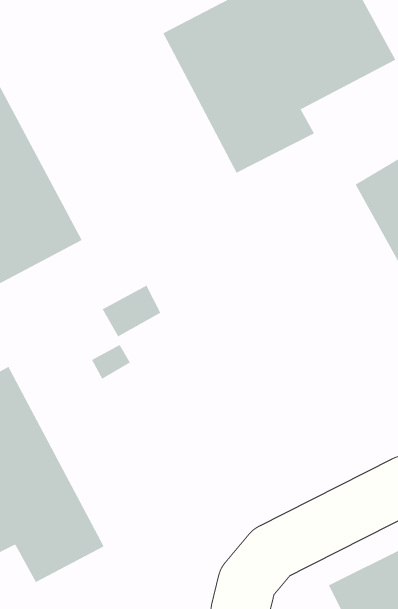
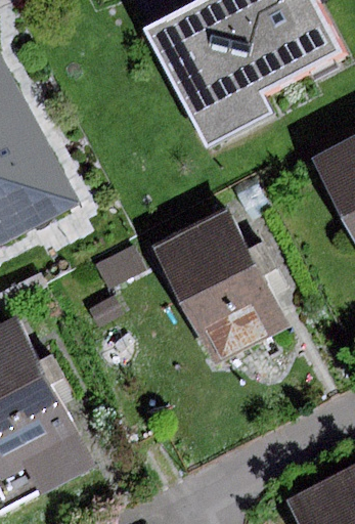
building: none -> [152,209,287,361]

